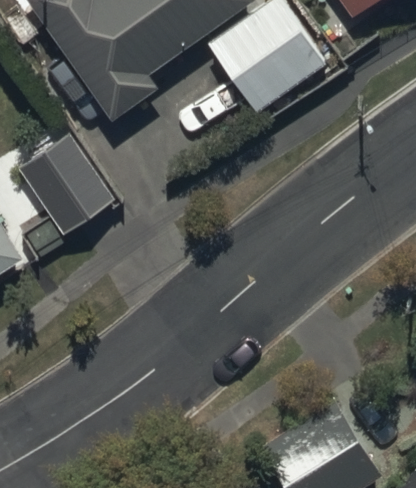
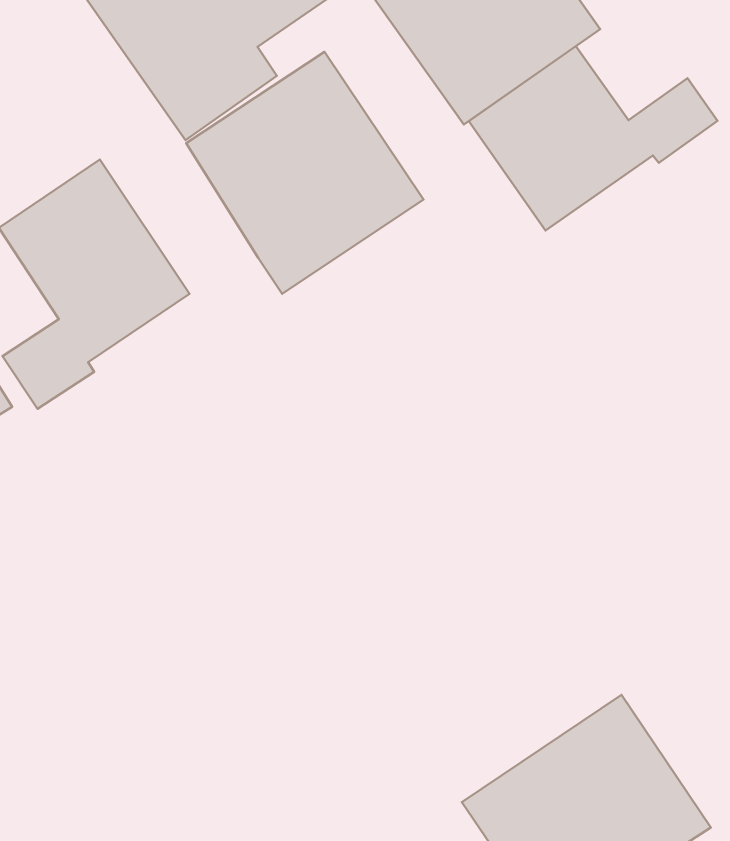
building: none -> [469,46,718,230]
building: none -> [186,52,424,294]

